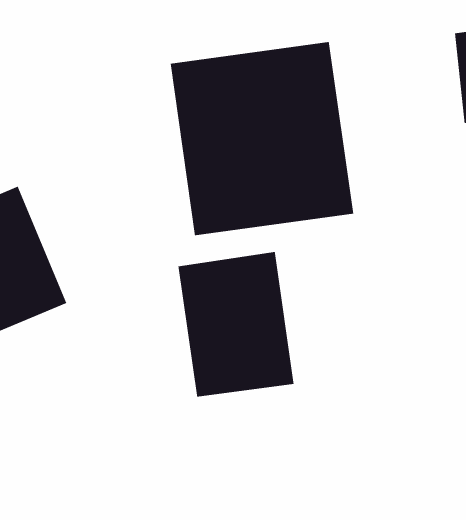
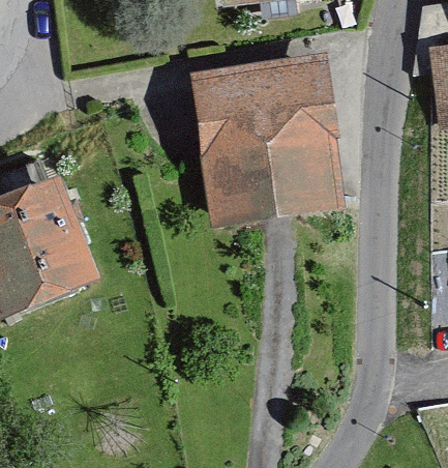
building: [178,251,294,397] -> none

